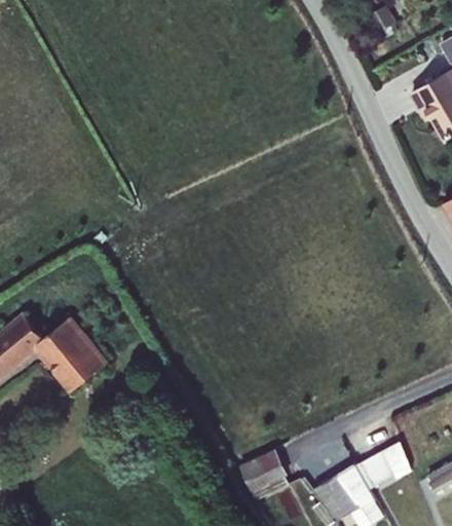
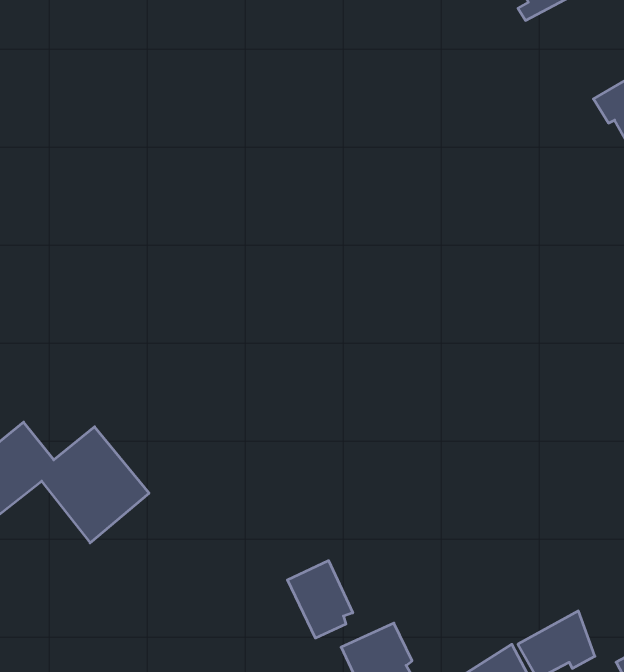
building: none -> [287,561,353,638]

